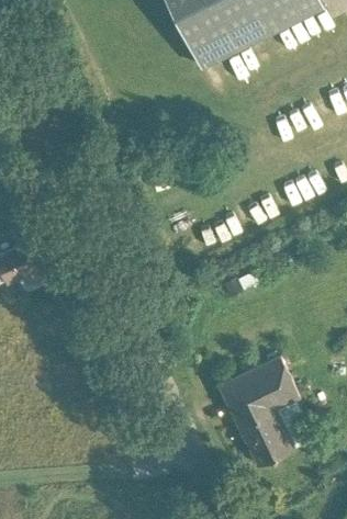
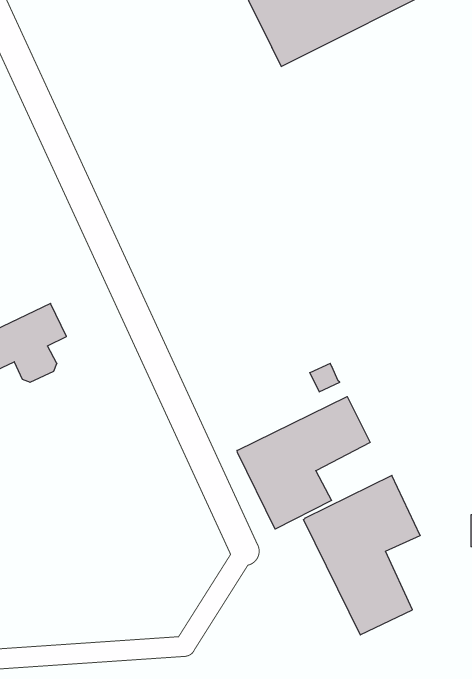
building: none -> [237,397,370,529]

